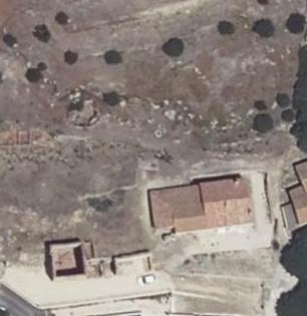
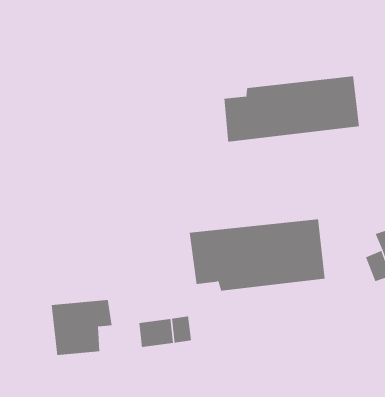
building: none -> [224,76,359,143]

